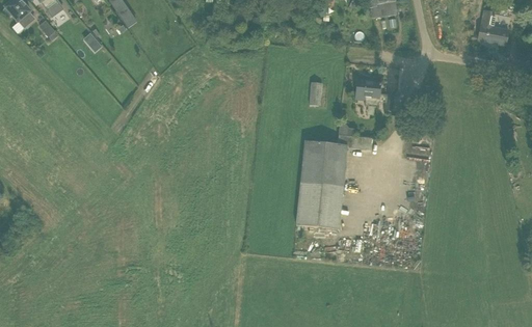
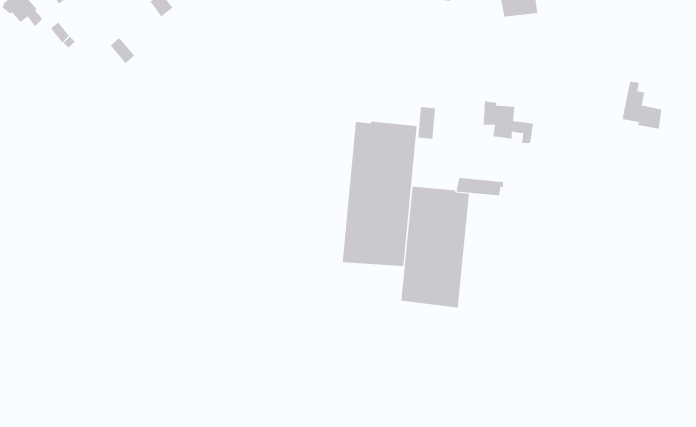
building: [478,9,508,45] -> [621,81,662,129]
building: none -> [342,121,417,267]

